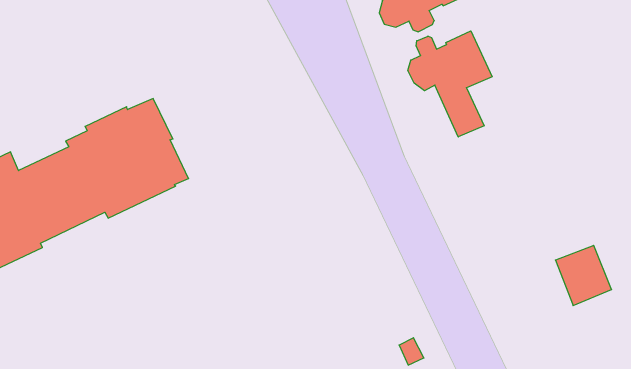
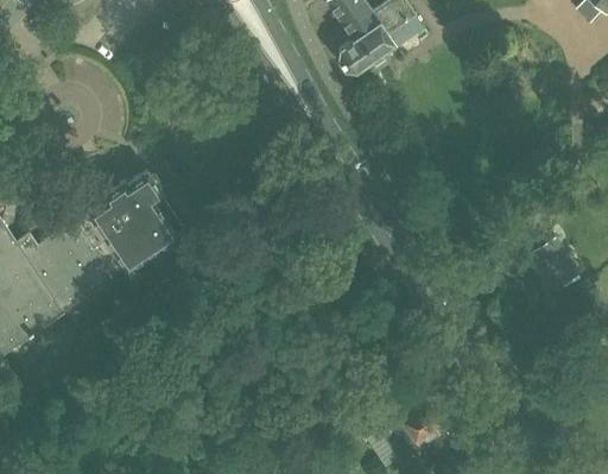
building: [408,31,492,137] -> none

